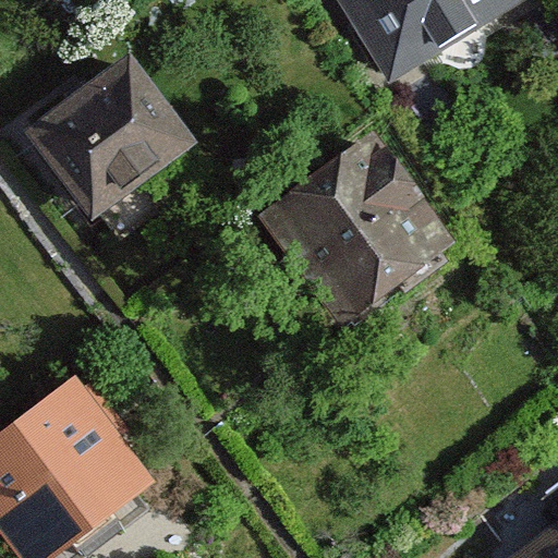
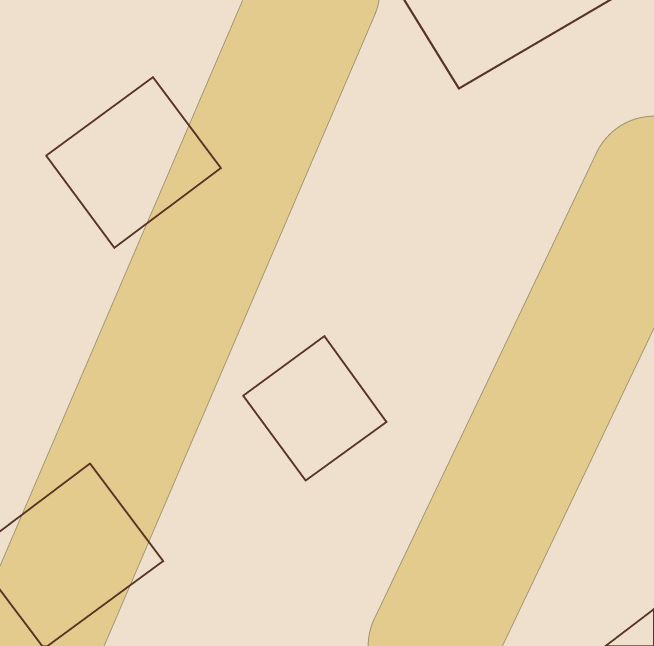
building: [272,137,449,312] -> none
building: none -> [243,336,387,481]

